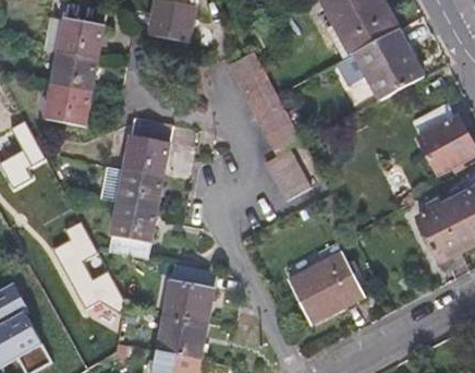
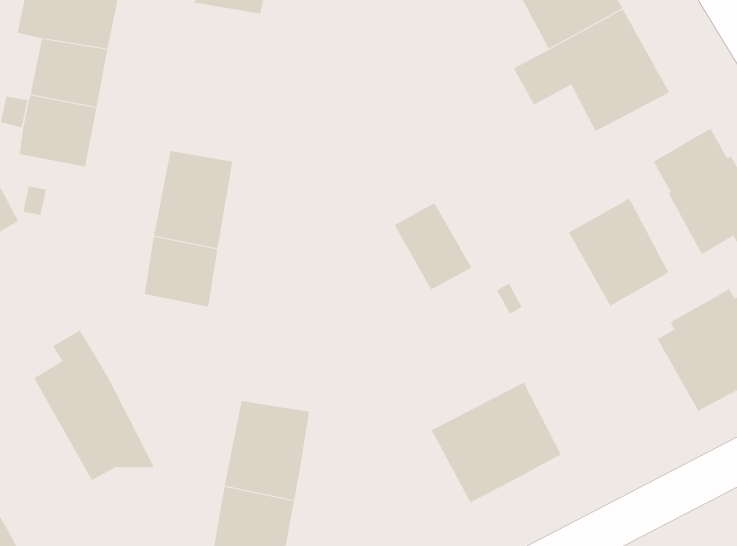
building: [227,47,300,151] -> none
building: none -> [568,198,669,307]
building: [109,200,156,255] -> none

